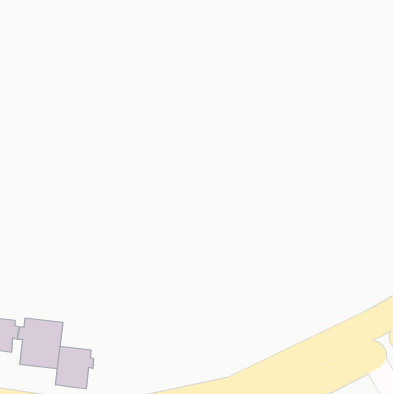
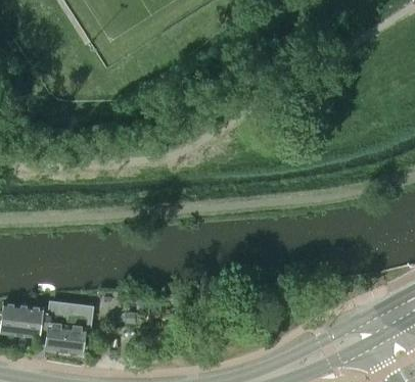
building: [56,346,93,389] -> none

